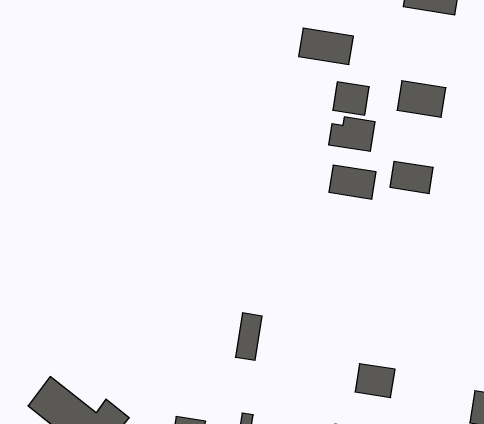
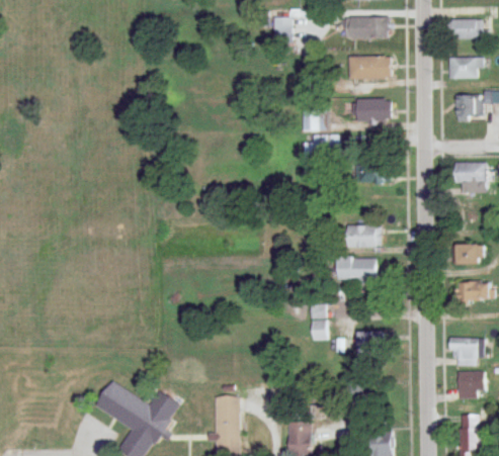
building: [299,28,353,64] -> [348,56,390,79]
building: [329,165,376,199] -> [345,224,381,247]
building: none -> [336,256,376,280]
building: [235,313,262,360] -> [310,304,326,341]

